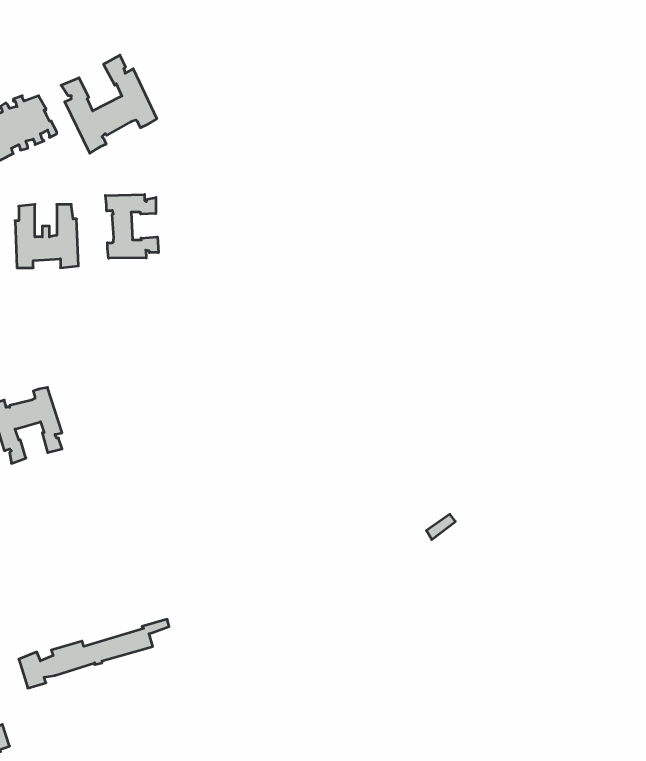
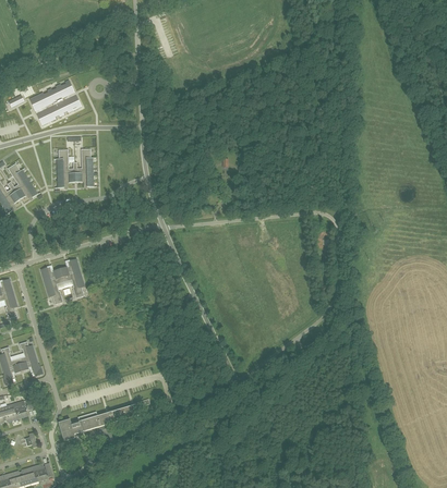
building: [61,55,157,153] -> none
building: [105,194,158,258] -> none

